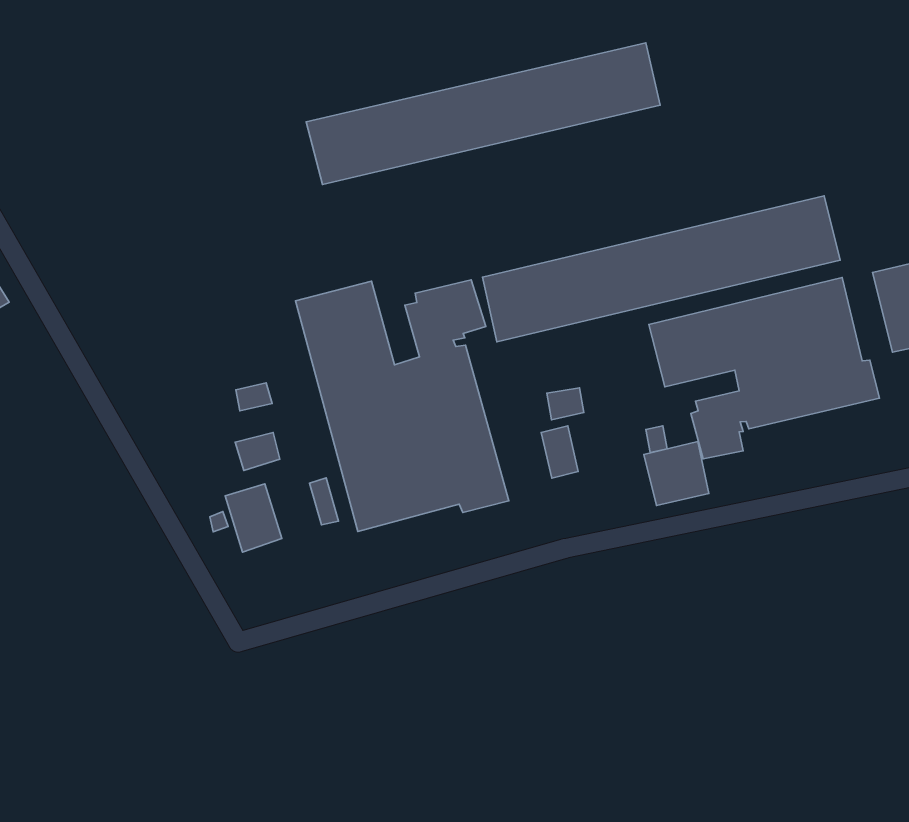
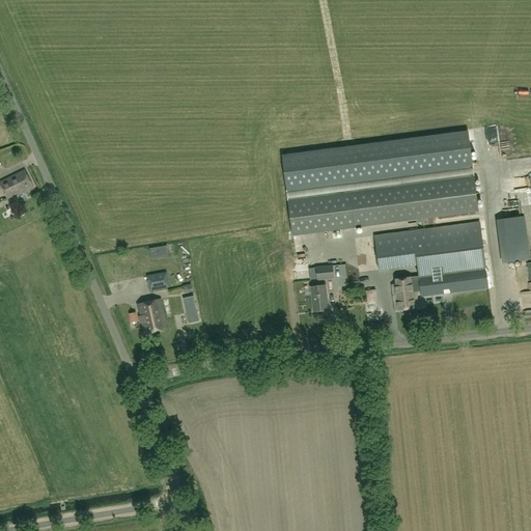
building: [306,43,660,184] -> [282,131,472,189]
building: [295,280,509,532] -> none
building: [644,442,709,505] -> none

